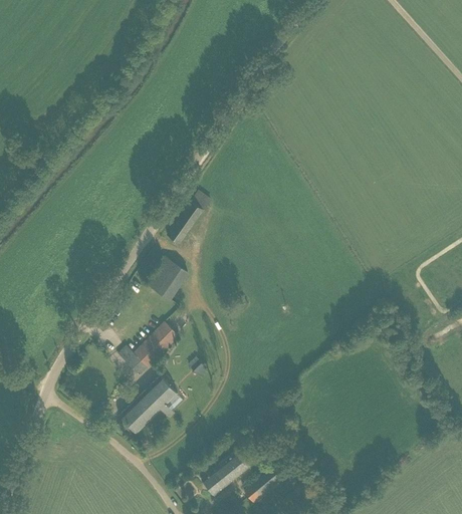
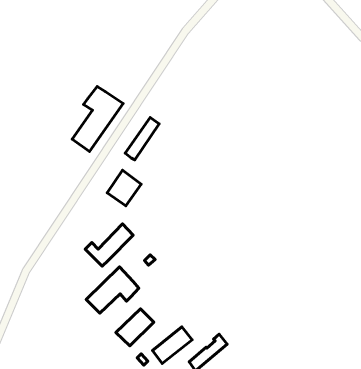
building: none -> [72,87,123,152]
building: none -> [116,309,154,346]

